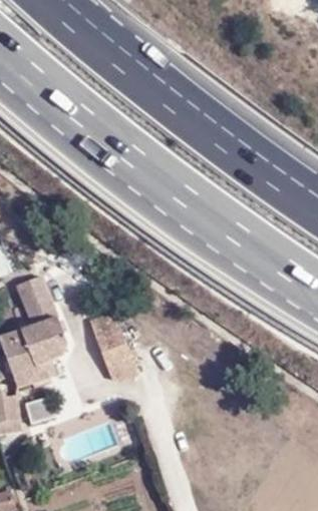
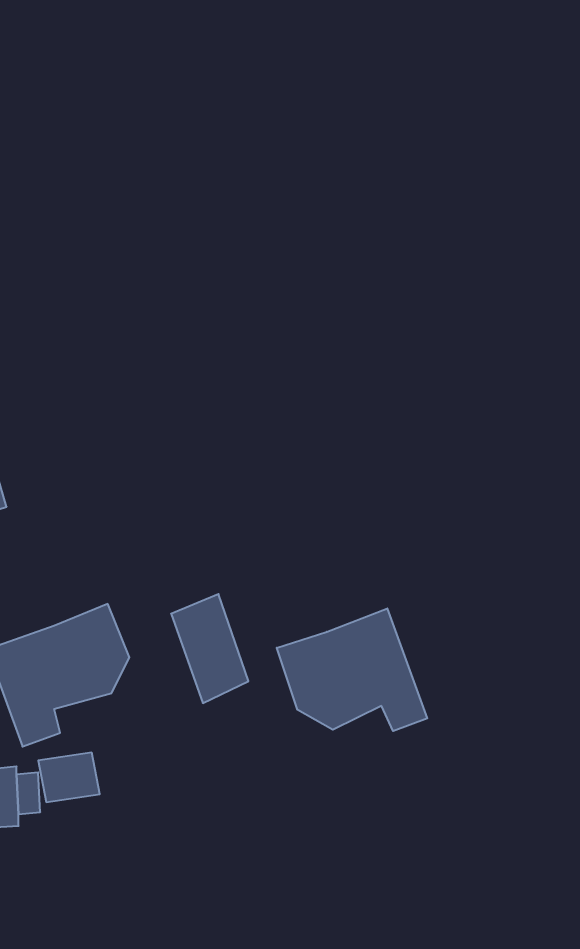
building: [19,290,56,327] -> none
building: none -> [277,608,427,731]

